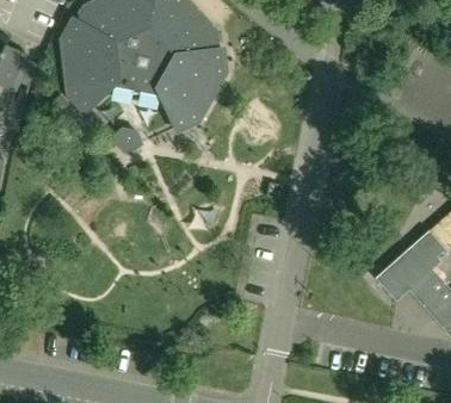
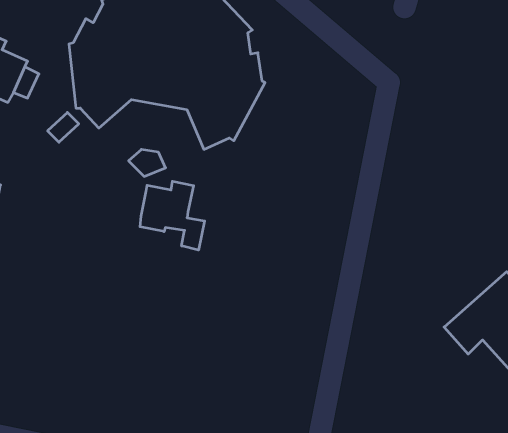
building: none -> [140,181,205,250]

